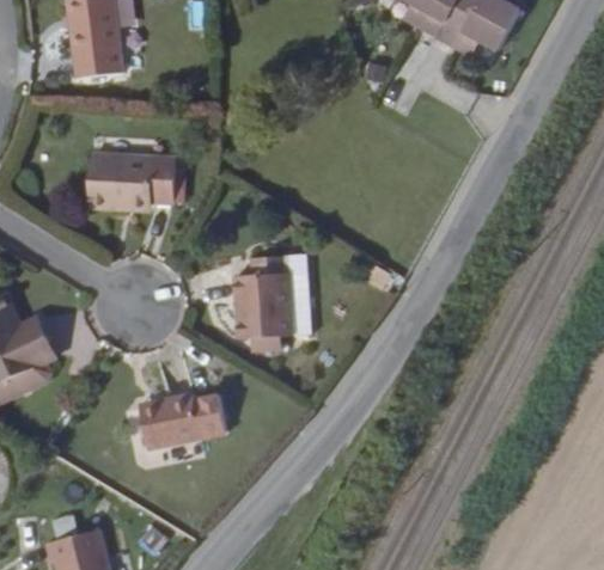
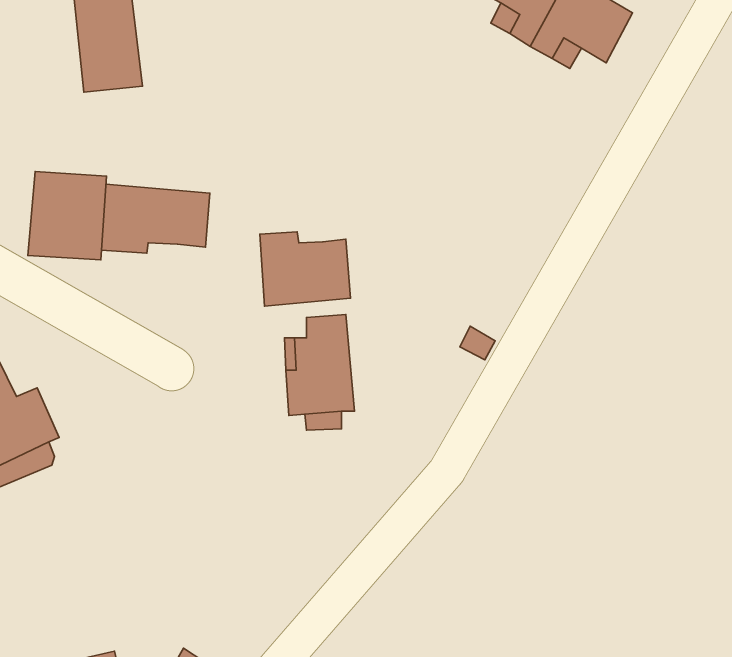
building: none -> [28,172,106,260]
building: none -> [260,232,350,306]
building: [140,393,227,451] -> none

